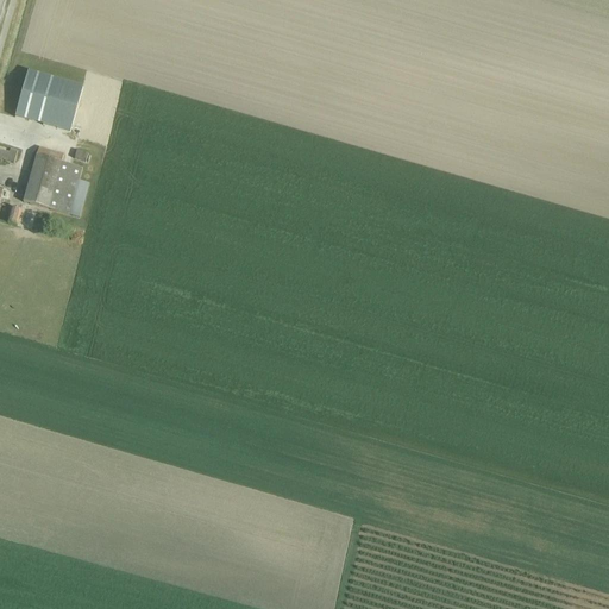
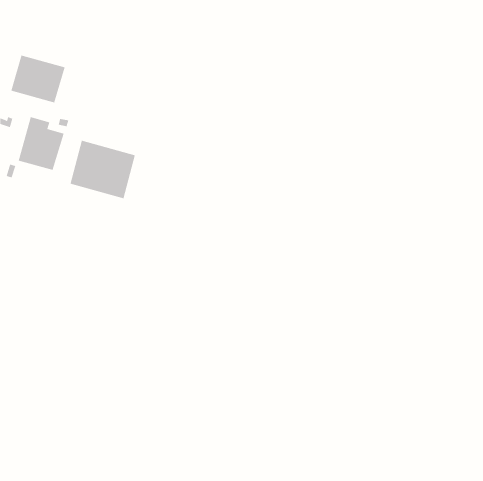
building: none -> [70,140,136,199]

